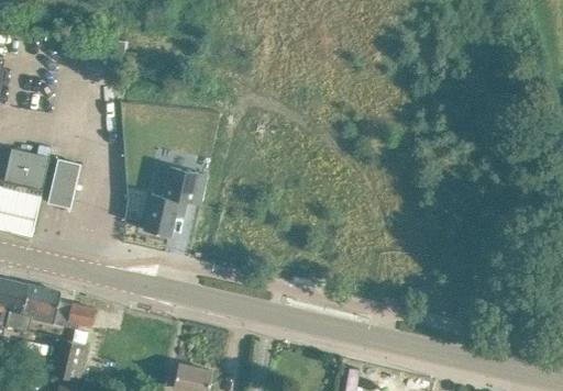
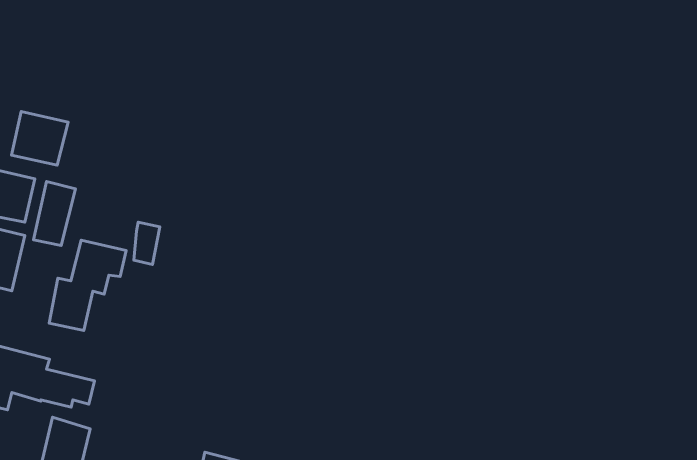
building: none -> [11,112,68,165]
building: [143,168,201,236] -> [49,240,126,330]

